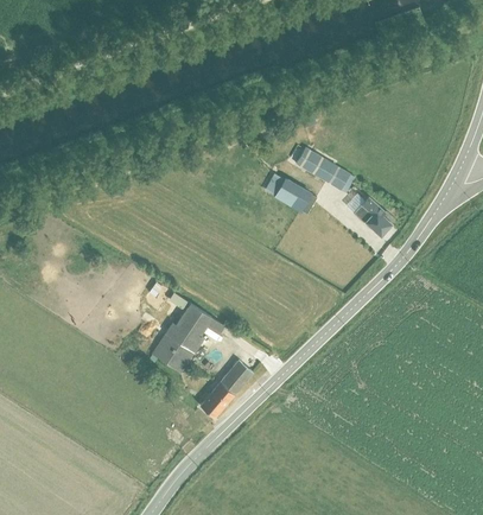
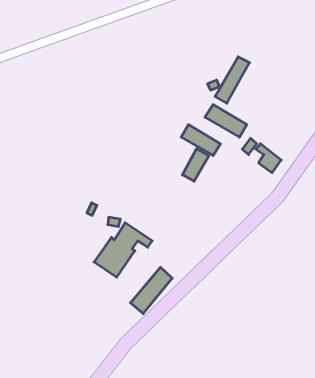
building: none -> [215,57,250,103]
building: none -> [182,149,209,181]

